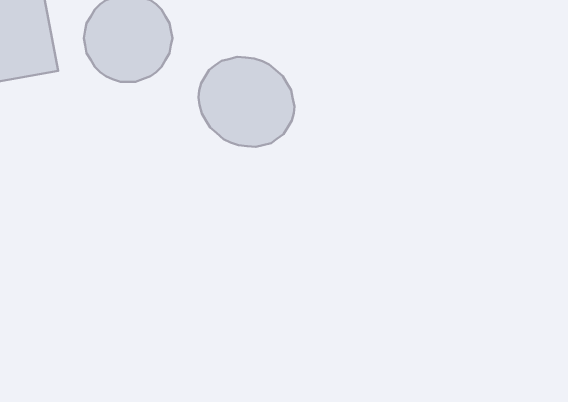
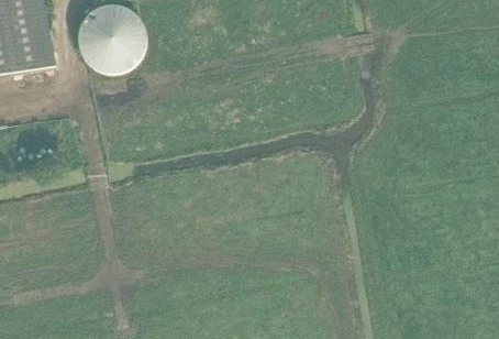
building: [198,57,294,147] -> none

